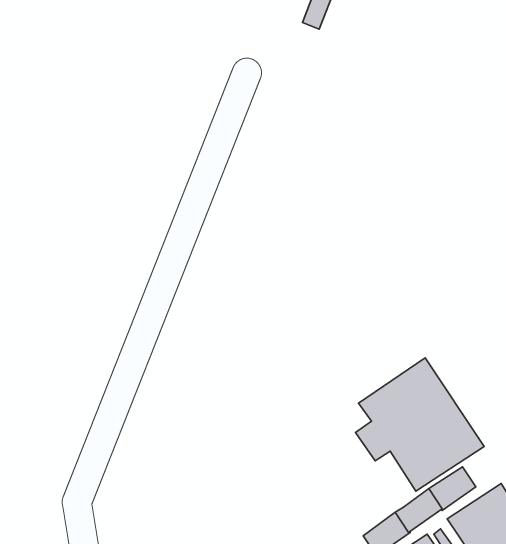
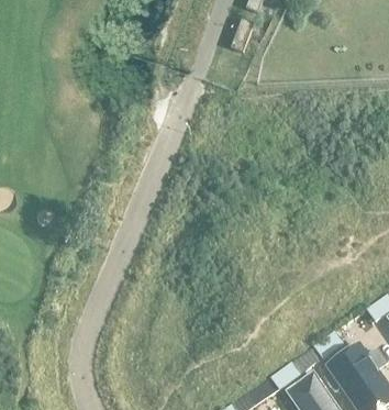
building: [355,358,484,491] -> none

